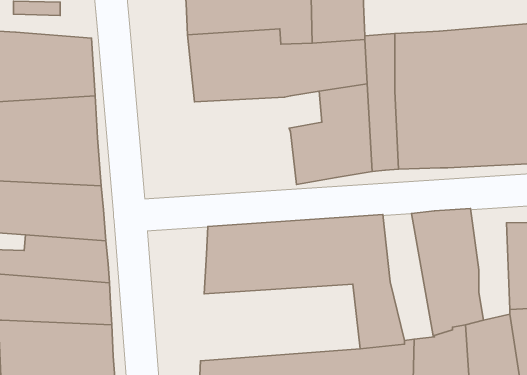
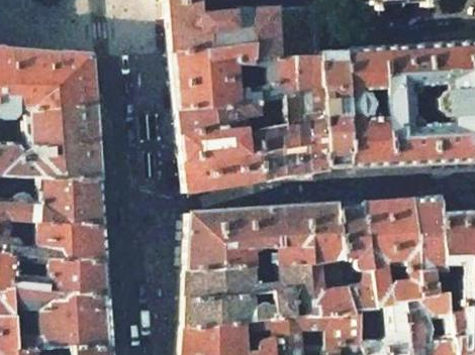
building: none -> [178,103,264,192]
building: none -> [410,196,444,291]
building: none -> [337,202,380,309]
building: none -> [183,261,317,326]

